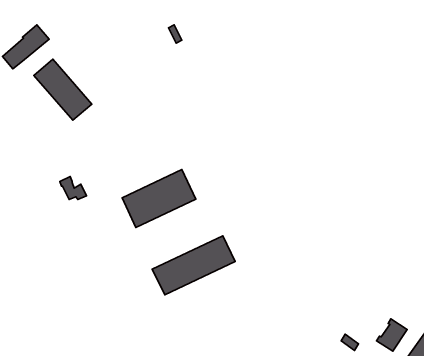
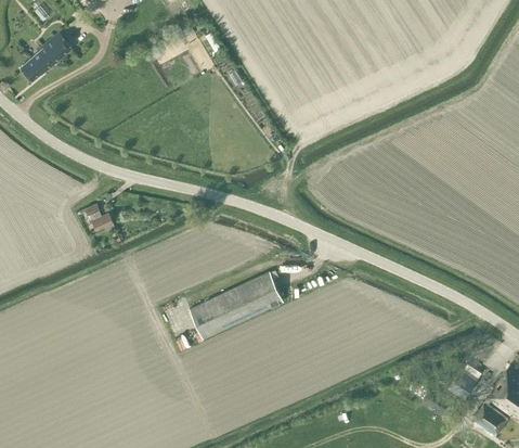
building: [34,59,92,120] -> none
building: [122,170,196,228] -> none

